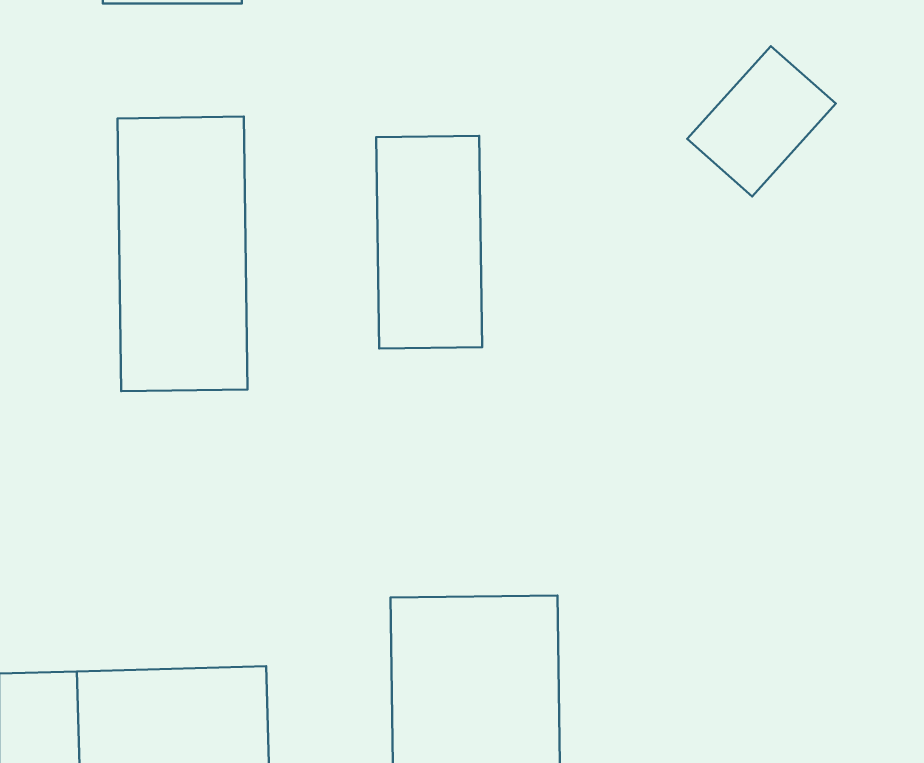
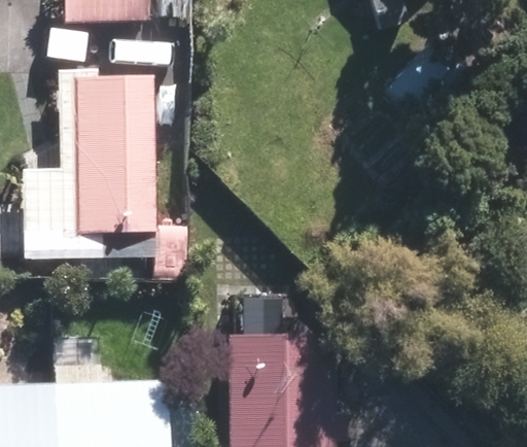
building: [376,136,482,348] -> none

